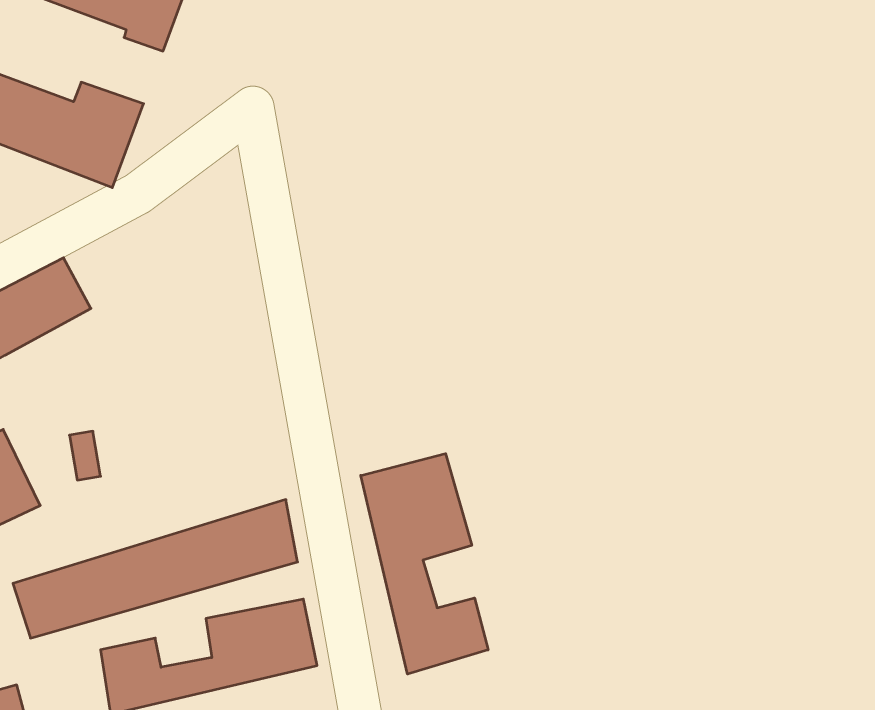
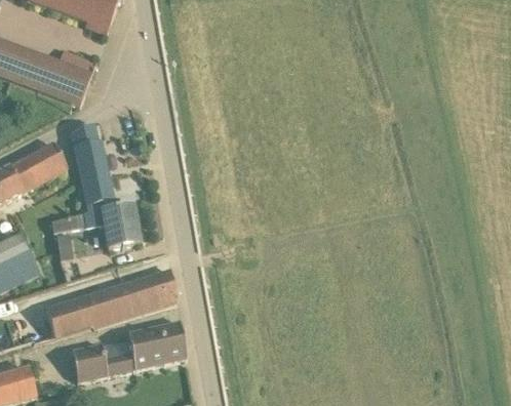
building: none -> [71,122,114,205]
building: none -> [51,205,141,250]
building: [361,454,488,674] -> none

